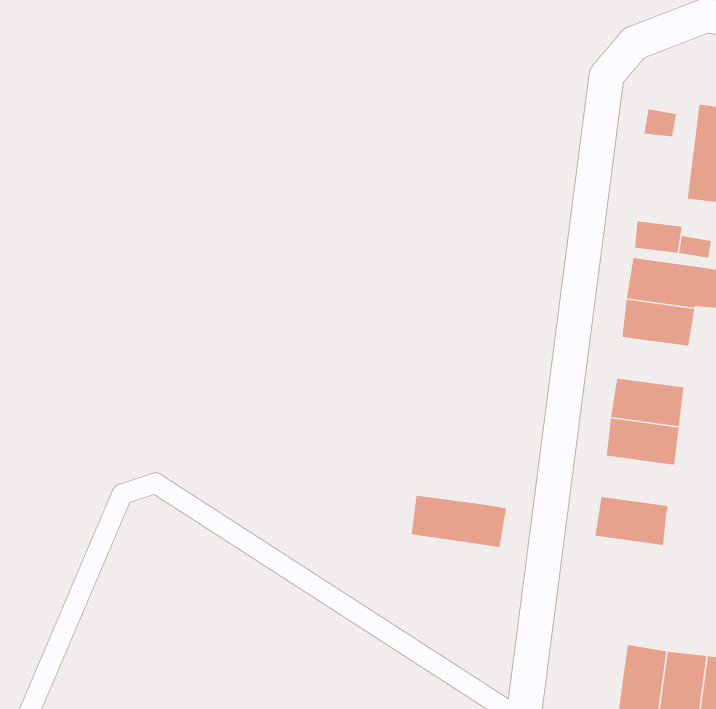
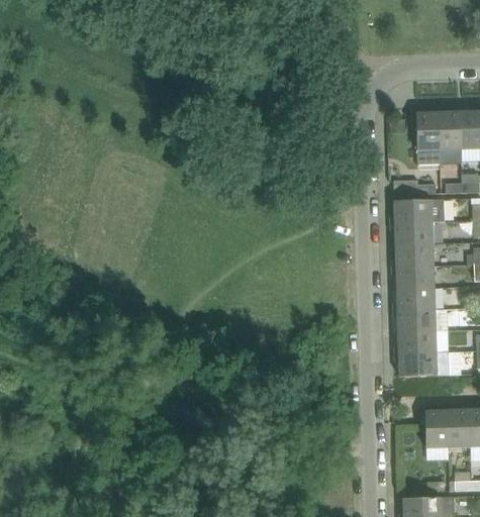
building: none -> [395,243,434,267]
building: none -> [397,309,436,332]
building: [411,495,507,548] -> [398,353,449,377]

